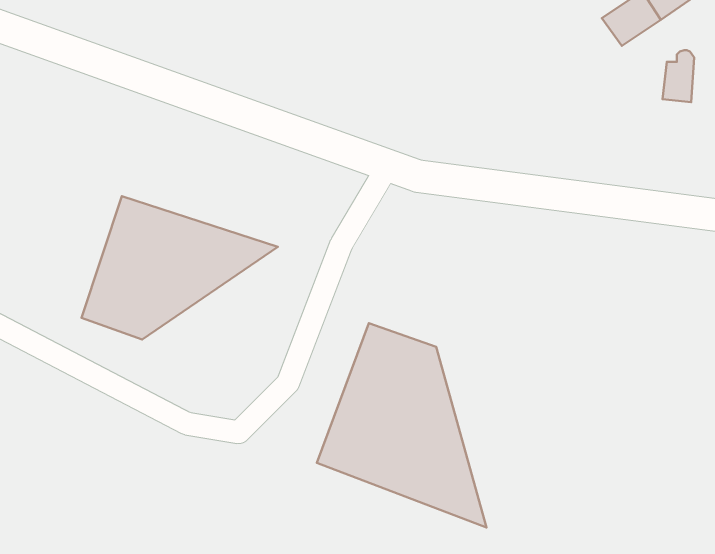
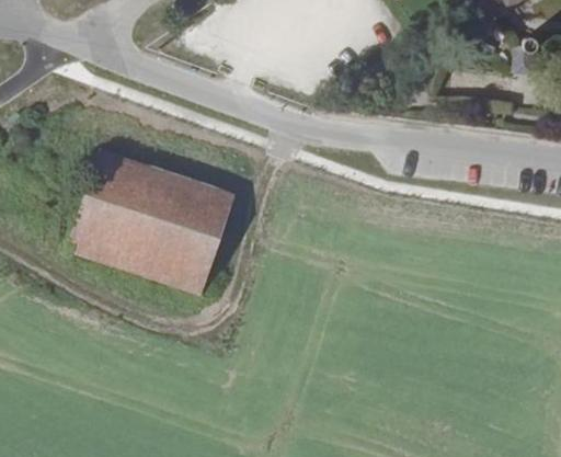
building: none -> [123,191,236,287]
building: [317,323,487,528] -> none

